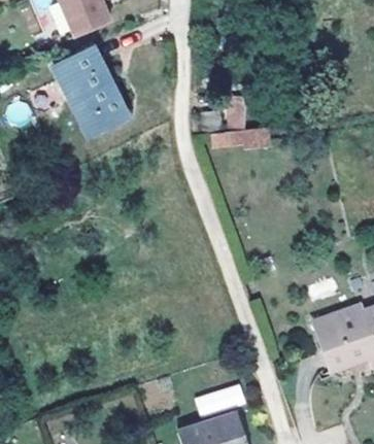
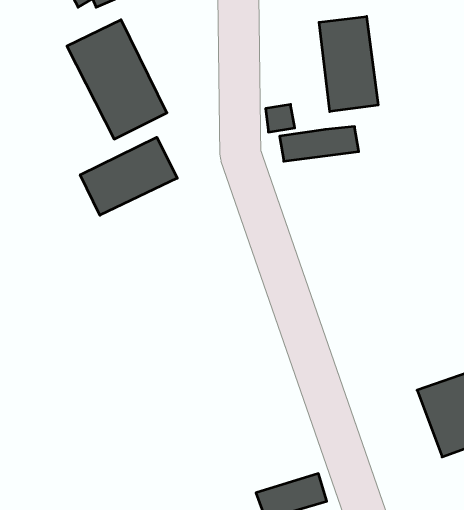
building: none -> [319,16,378,112]
building: none -> [80,137,177,215]

